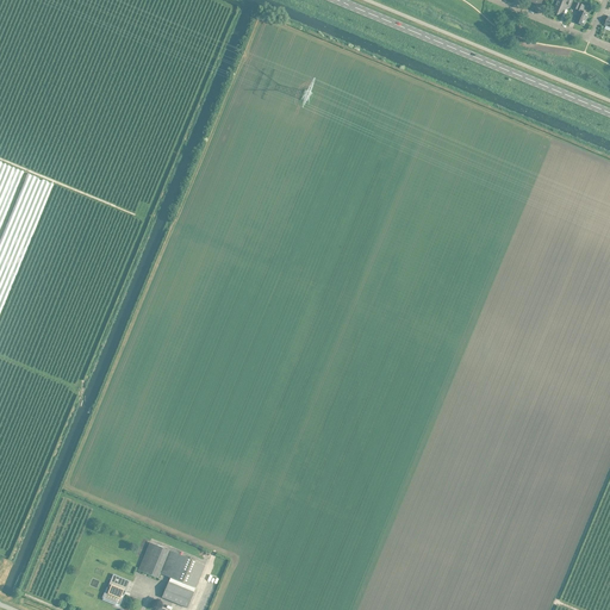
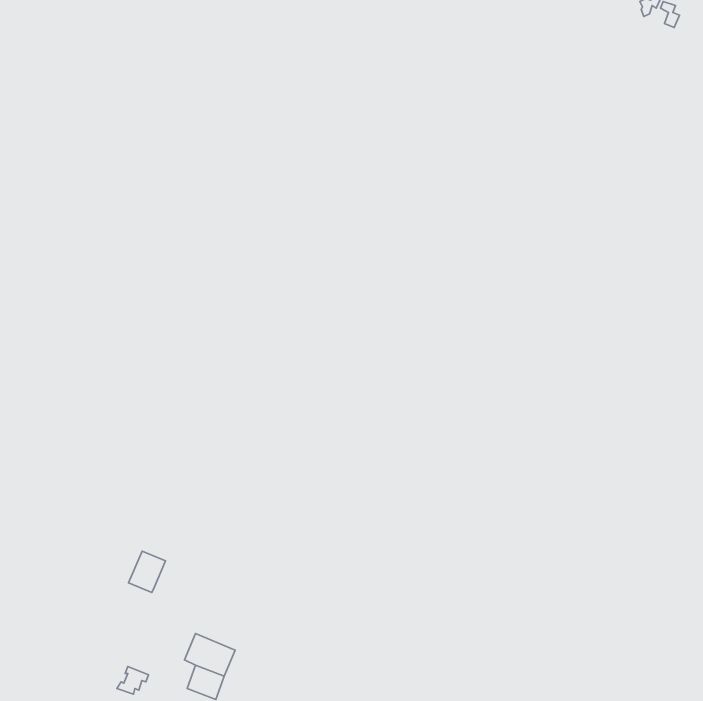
building: [137,541,169,577] -> [128,551,166,592]

